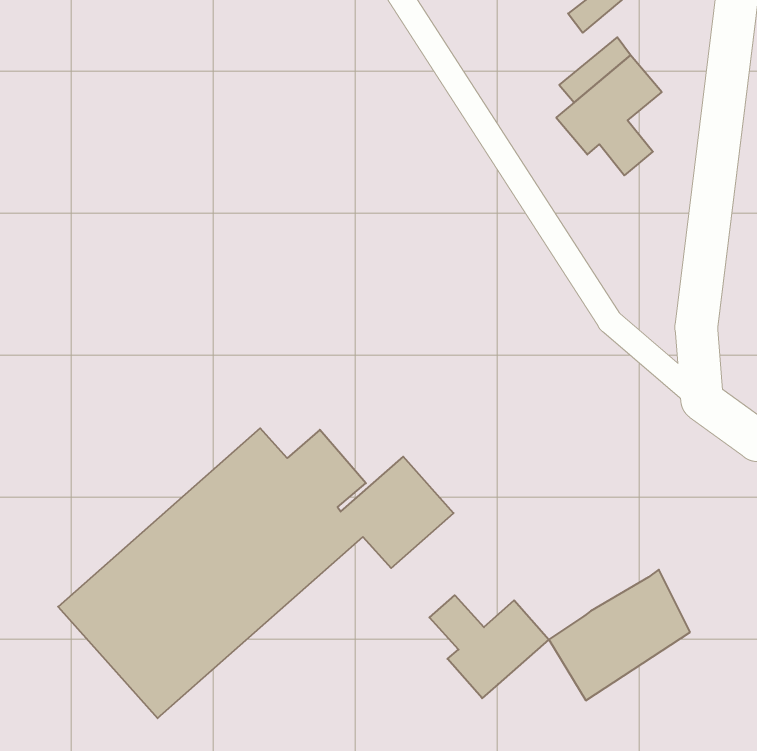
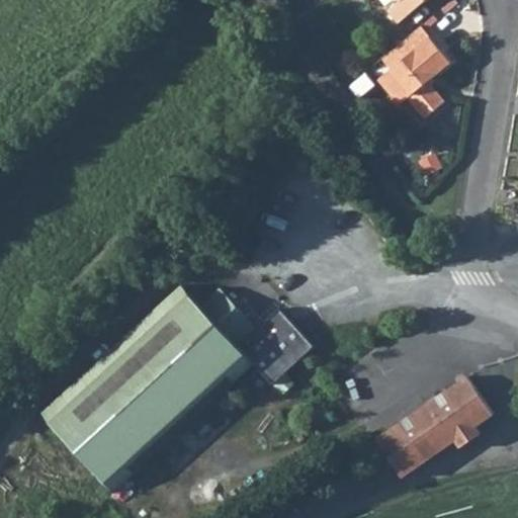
building: none -> [448,377,491,430]
building: [429,595,549,698] -> none

